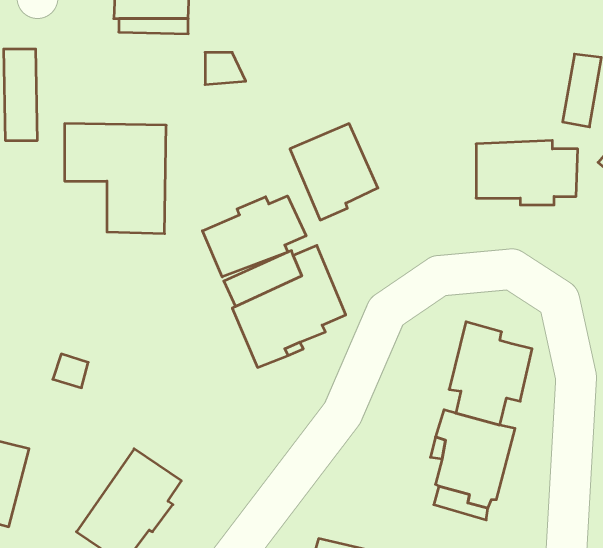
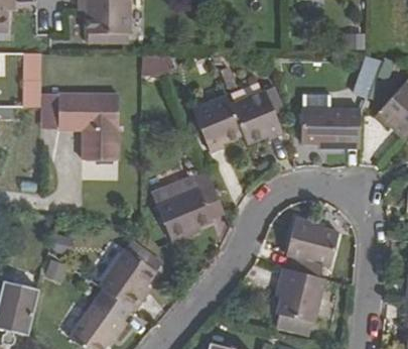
building: none -> [232,92,282,143]
building: [202,196,306,277] -> none
building: none -> [96,248,154,312]

